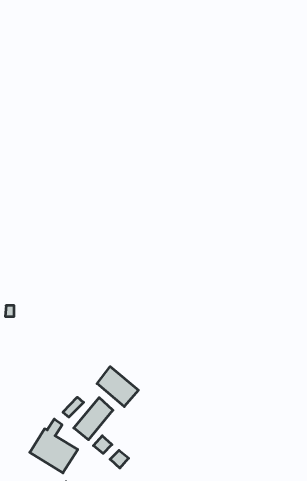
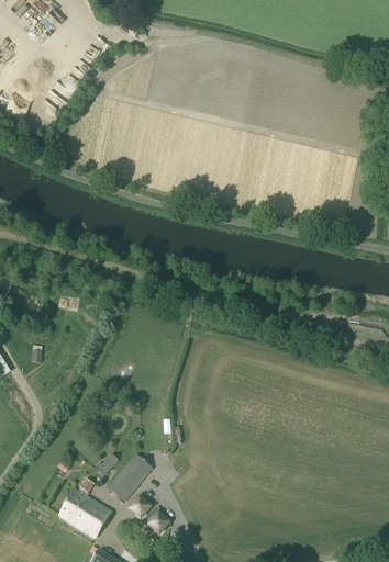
building: [97,367,138,407] -> none

